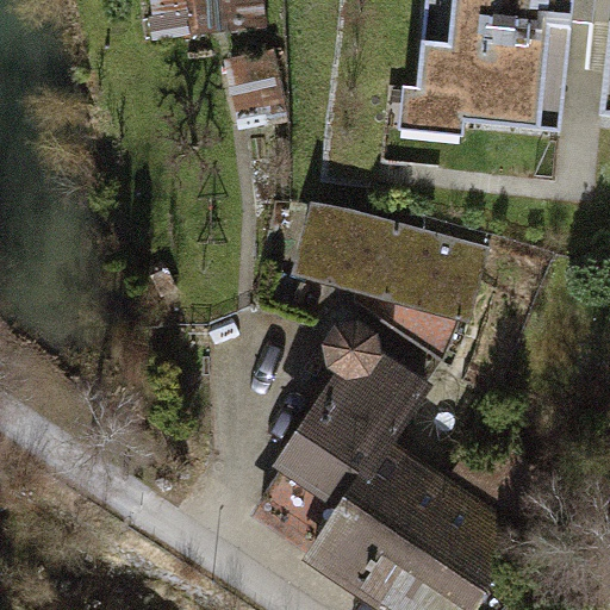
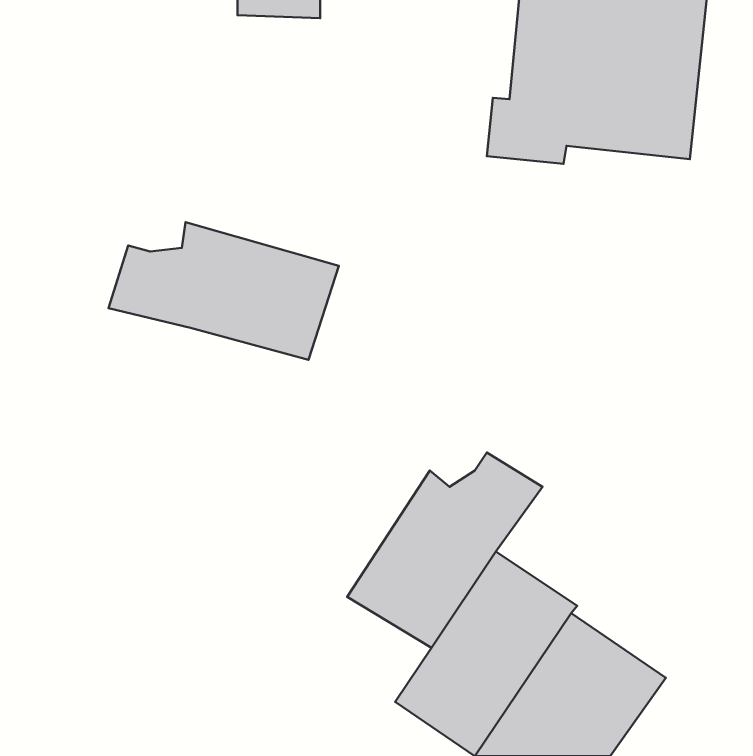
building: none -> [109,222,339,360]
building: [280,201,478,386] -> none

